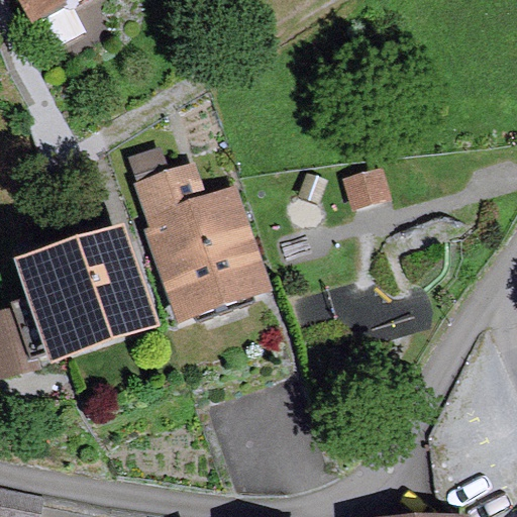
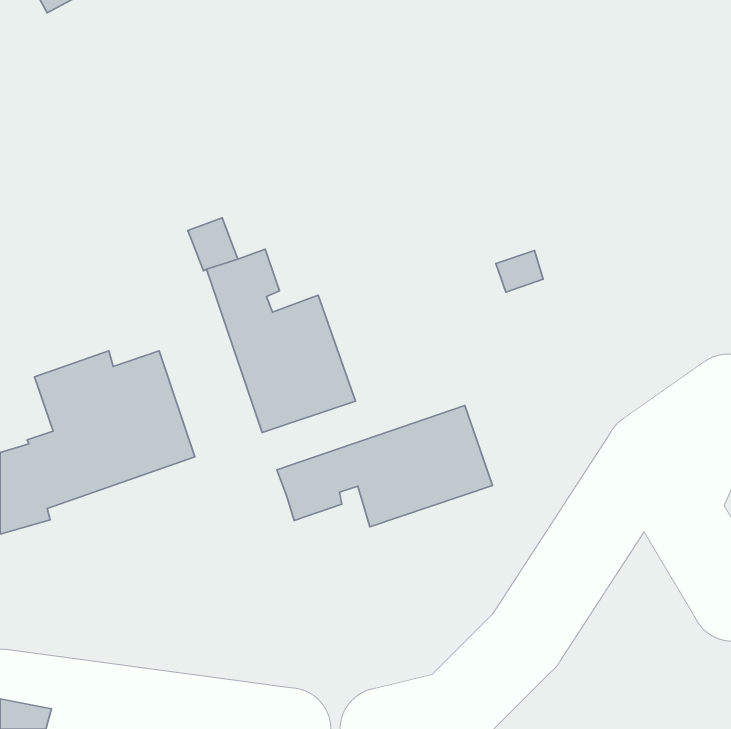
building: none -> [277,406,493,527]

